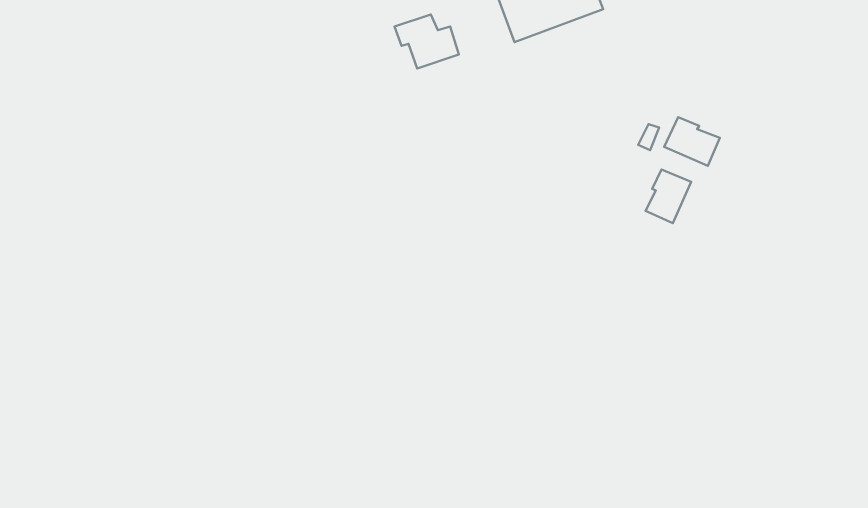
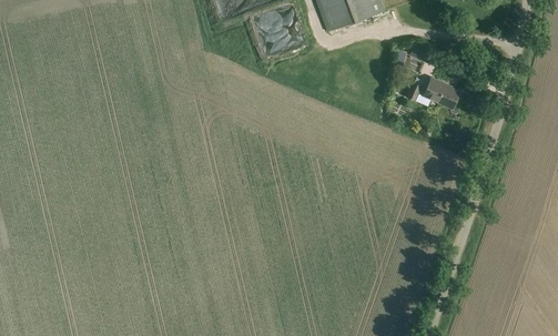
building: [646,169,691,223] -> none

